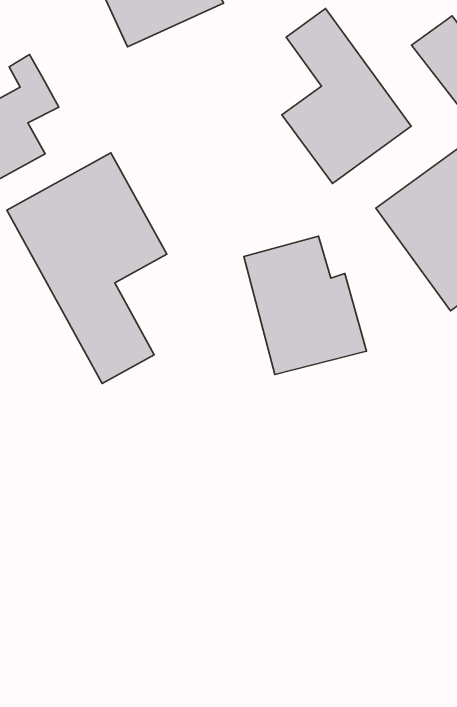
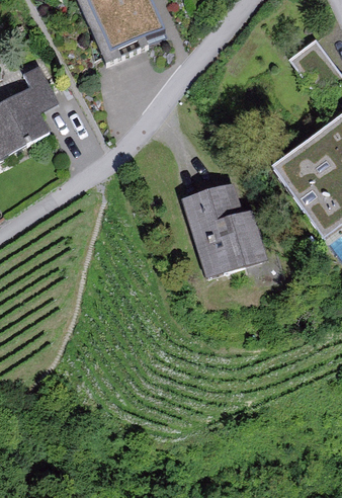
building: [282,8,411,184] -> none
building: [7,153,167,383] -> none

